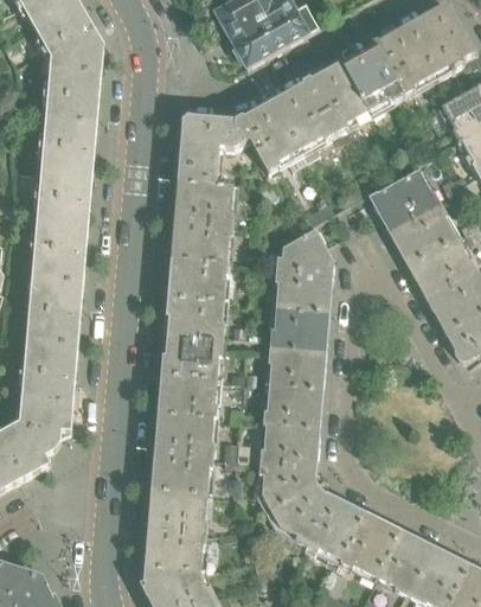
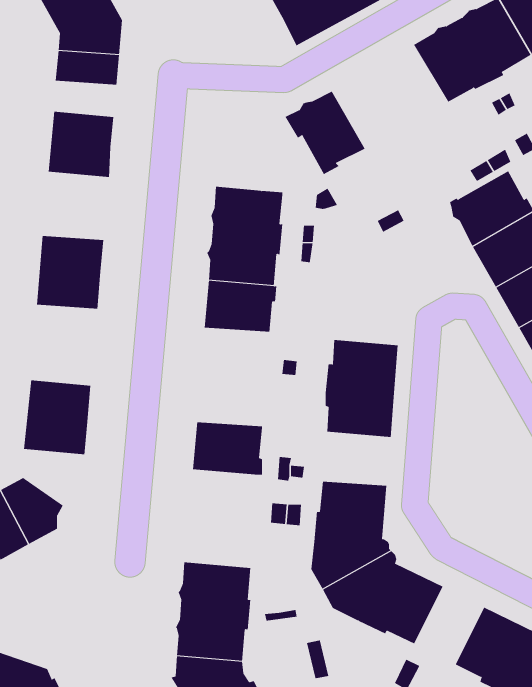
building: [275,65,370,151] -> none
building: [46,95,98,124] -> none
building: [179,117,246,185] -> none
building: [37,170,92,225] -> none
building: [275,228,334,312] -> none
building: [27,279,83,345] -> none
building: [163,298,224,378] -> none
building: [264,383,323,427] -> none
building: [20,397,72,443] -> none
building: [153,414,214,494] -> none
building: [341,510,399,574] -> none

